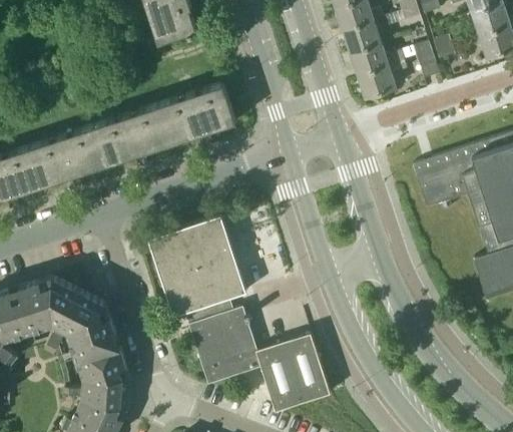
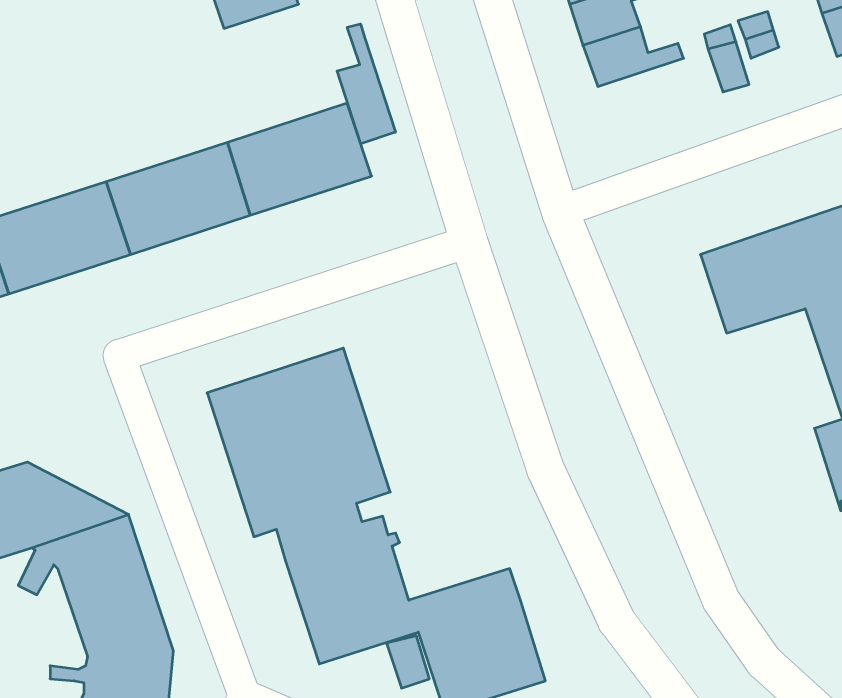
building: none -> [337,24,395,144]
building: [358,60,407,99] -> none

